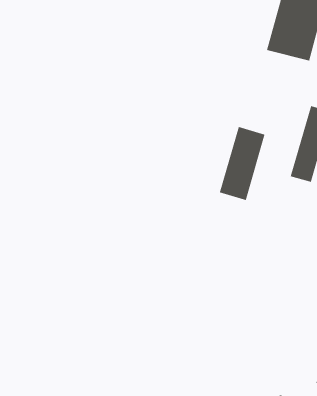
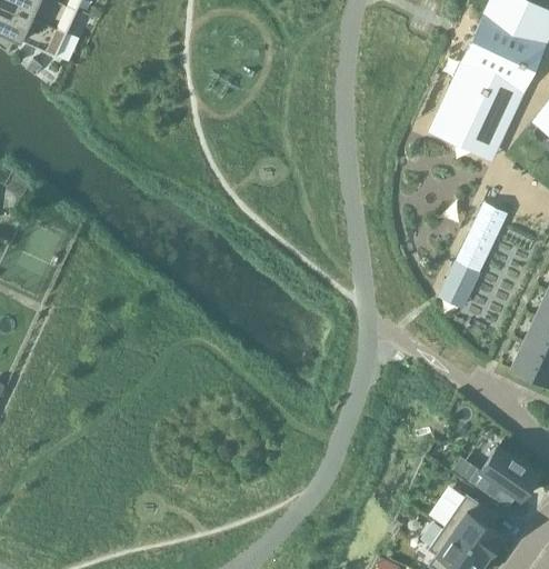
building: [219,126,265,201] -> none

